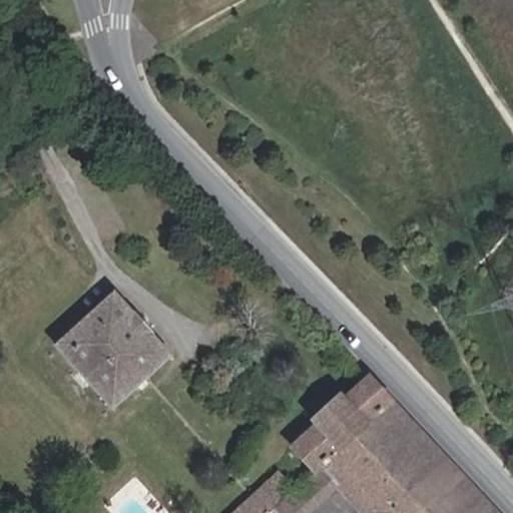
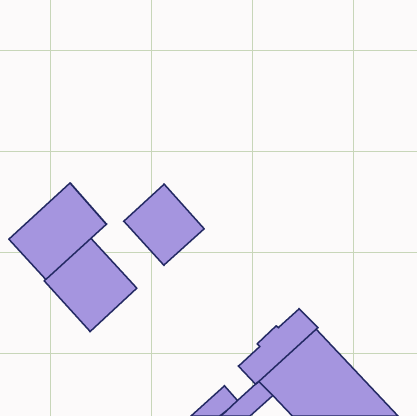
building: none -> [9,183,107,279]
building: none -> [124,184,204,265]

